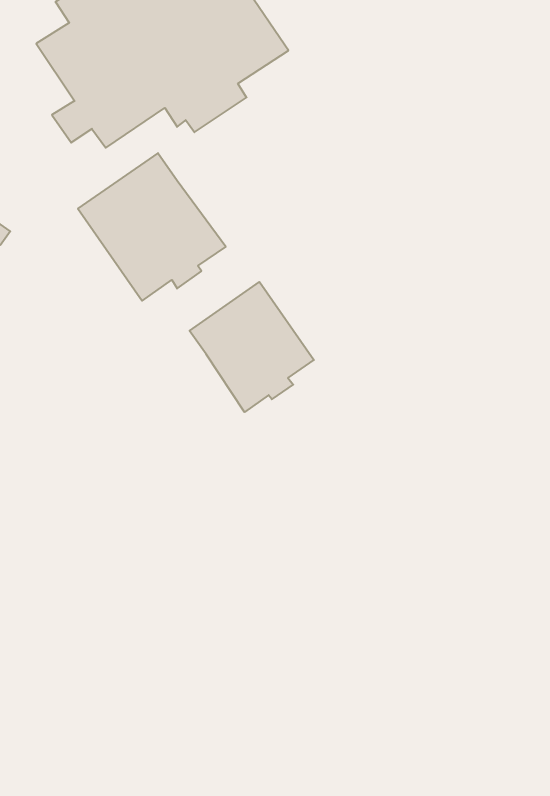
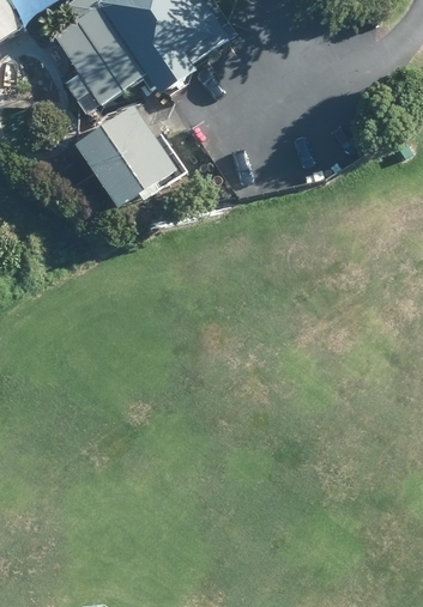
building: [190,282,314,412] -> none

